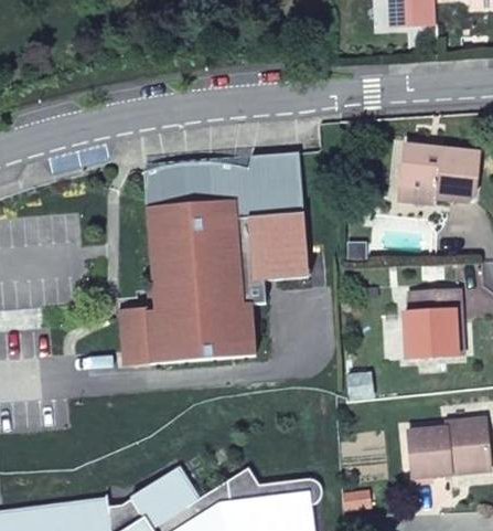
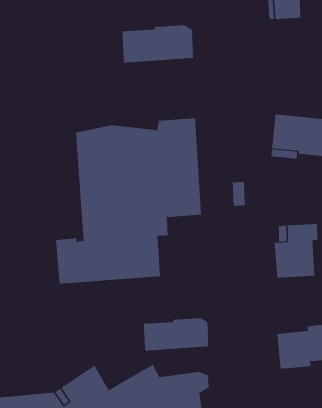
building: none -> [122,24,194,63]
building: none -> [143,317,209,351]

